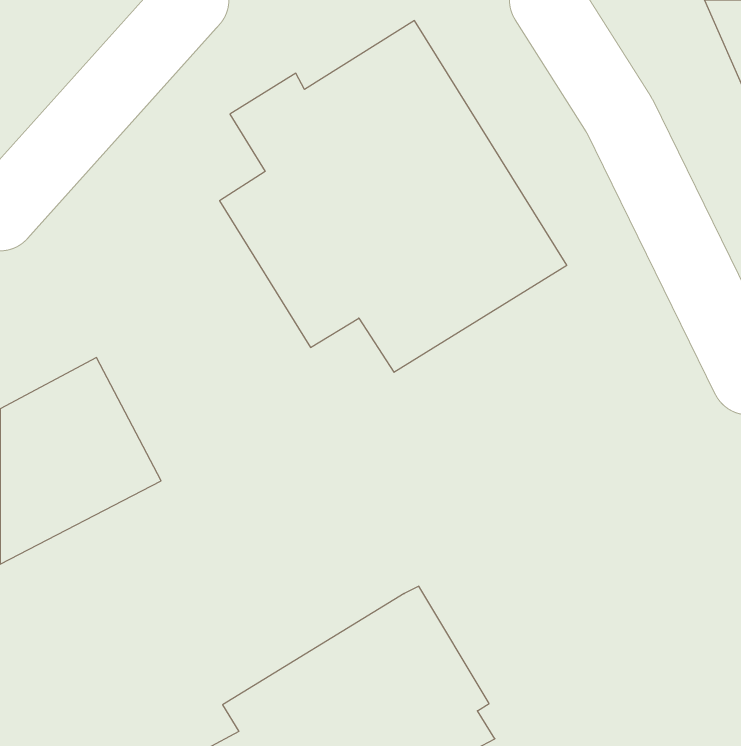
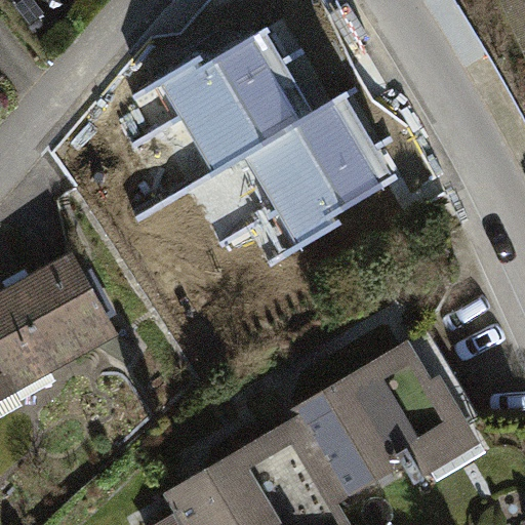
building: none -> [284,339,477,494]

